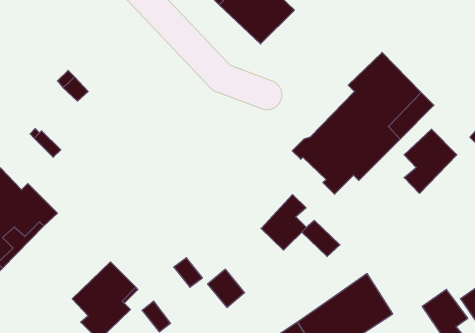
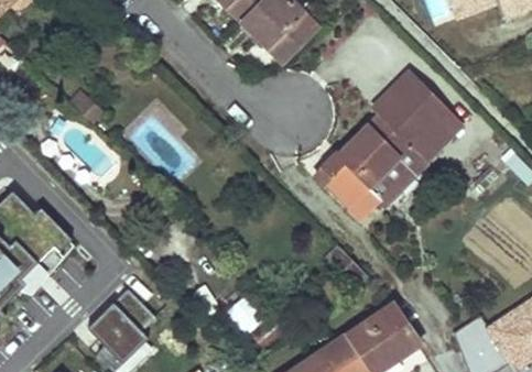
building: [404,129,457,193] -> none
building: [261,195,307,250] -> none

